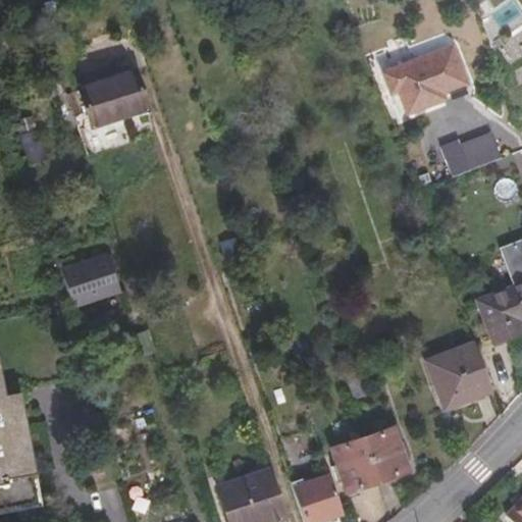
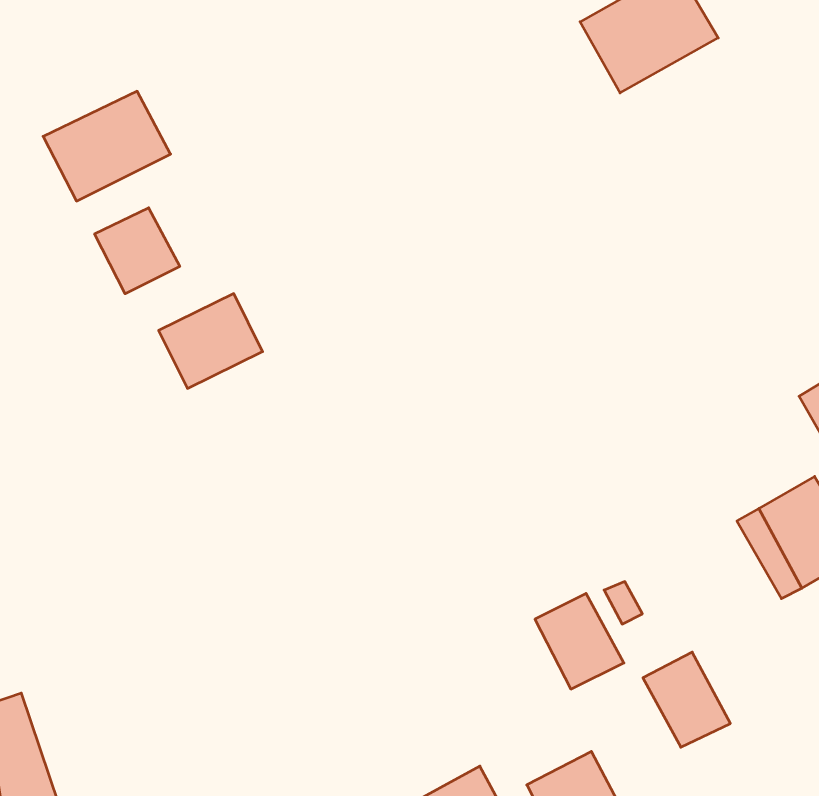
building: [439,132,501,175] -> none
building: none -> [95,208,180,294]
building: [65,261,121,310] -> [159,294,263,388]
building: [336,438,382,490] -> [535,593,624,689]

